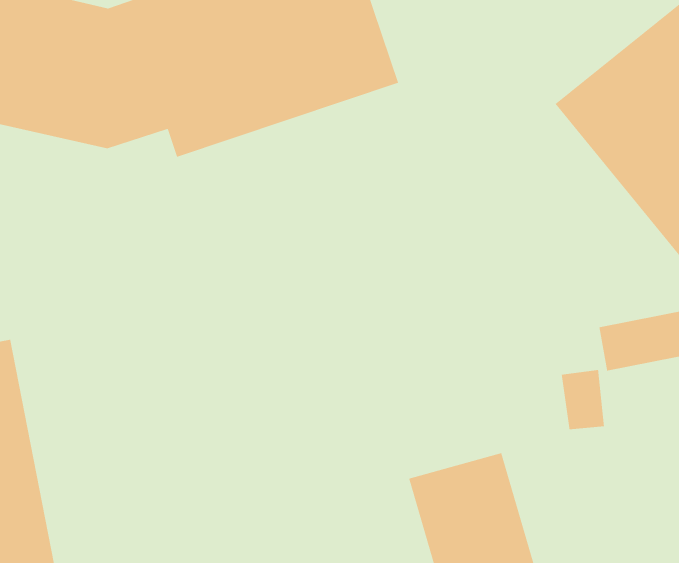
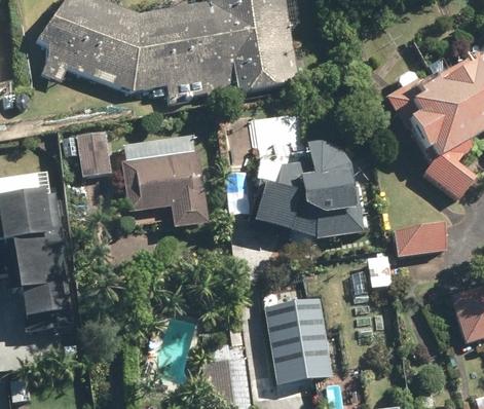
building: none -> [235,128,344,232]
building: none -> [117,138,209,231]
building: none -> [78,132,115,179]

